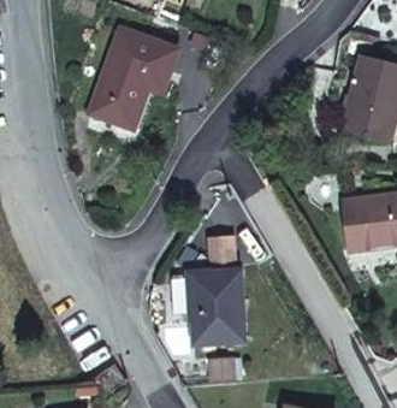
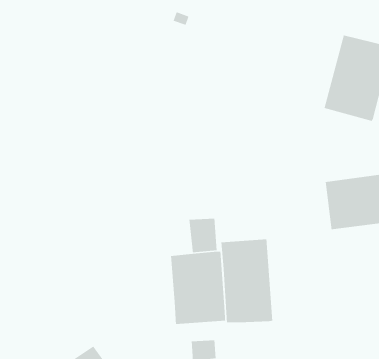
building: [90,29,176,126] -> none
building: none -> [221,239,273,323]

